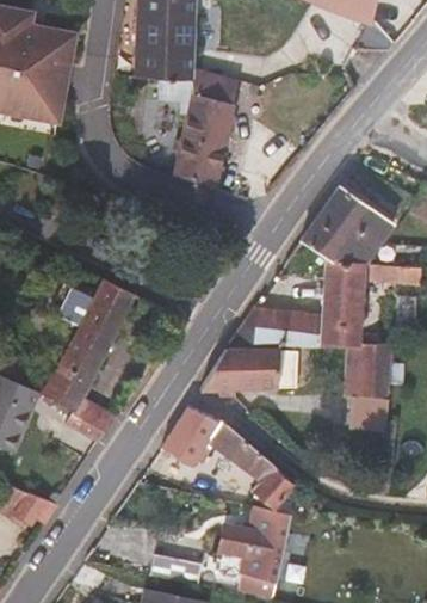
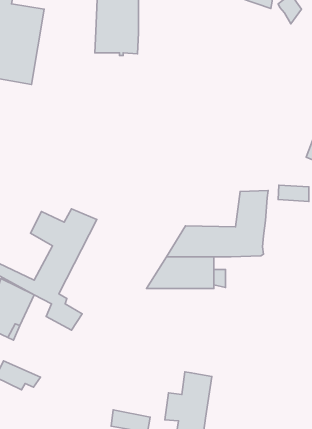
building: [175,76,237,192] -> none
building: [297,191,384,263] -> none
building: [360,345,392,429] -> none
building: [167,401,289,503] -> none

